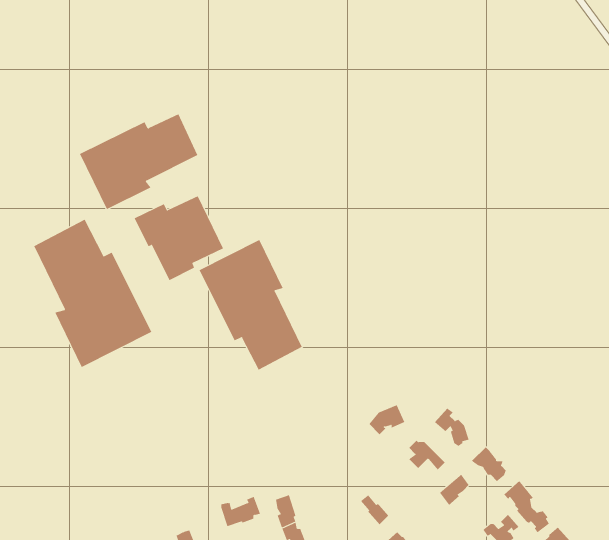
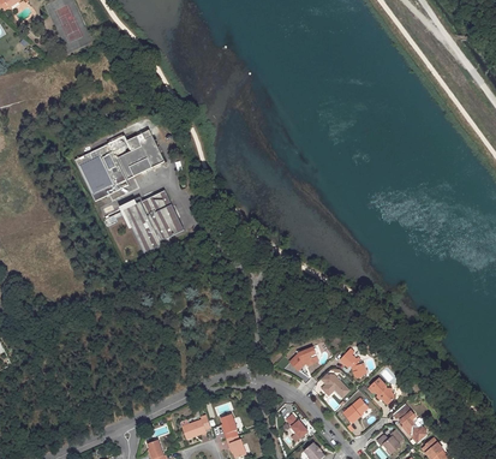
building: [33,219,152,368] -> none
building: [199,239,302,371] -> none

